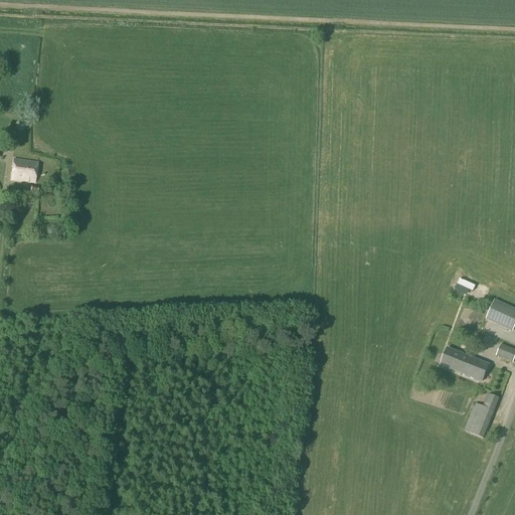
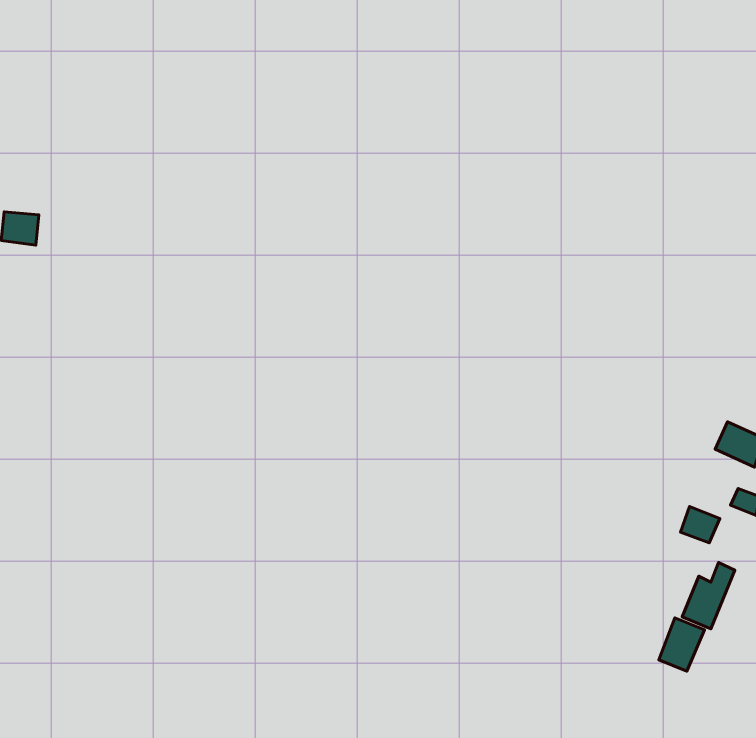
building: [440,346,469,372] -> none
building: none -> [659,618,704,671]

